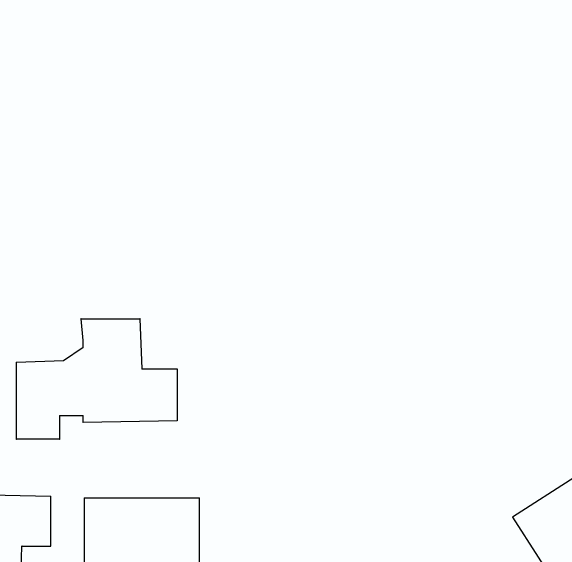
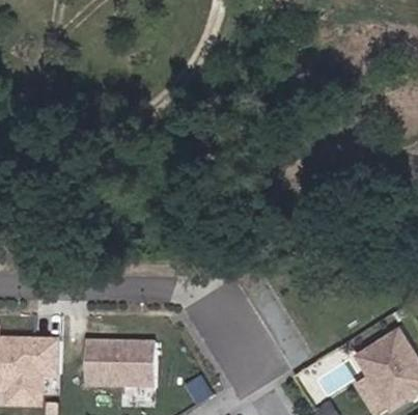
building: [16,319,177,439] -> none

